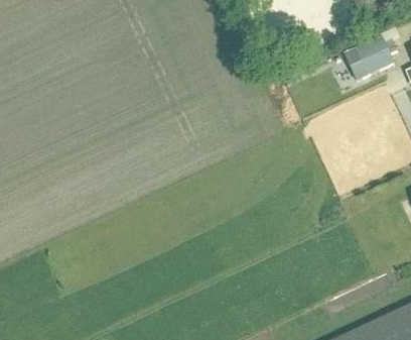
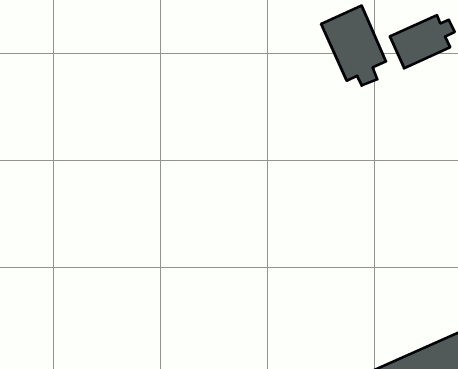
building: none -> [321,6,386,86]

